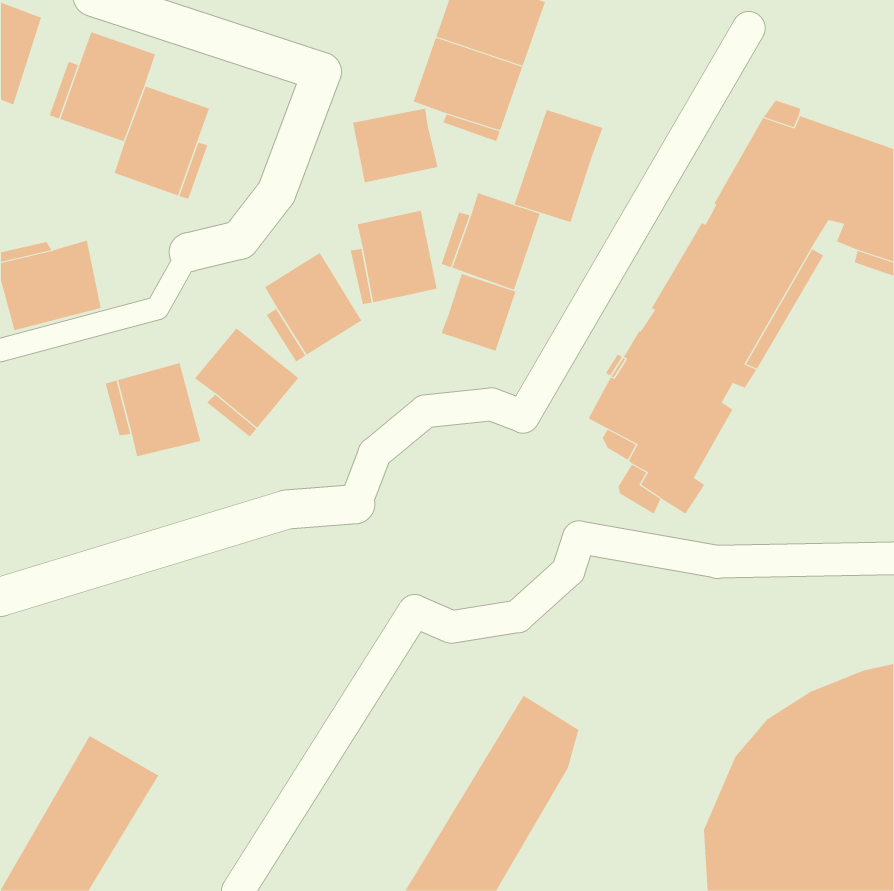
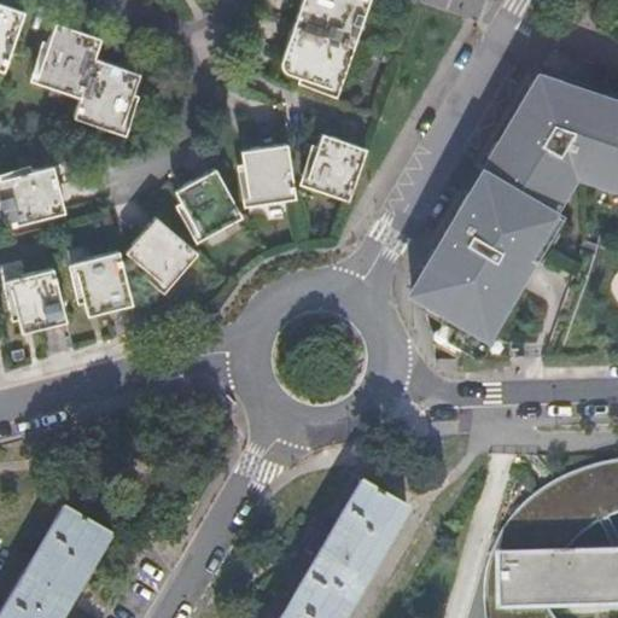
building: [352,108,438,183] -> none
building: [514,109,603,223] -> none
building: [441,273,516,352] -> none
building: none -> [13,268,71,333]

